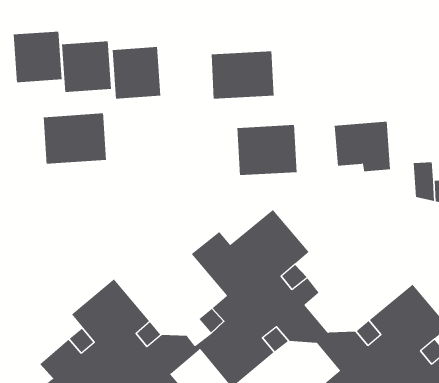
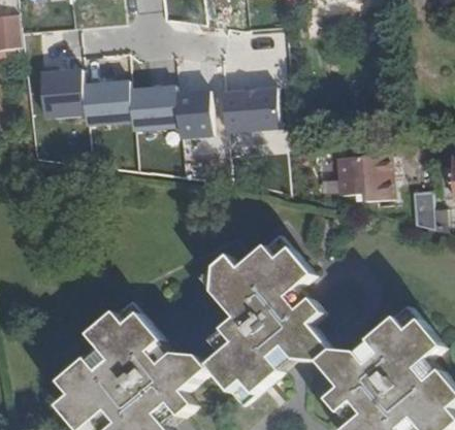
building: none -> [173,89,221,138]
building: [43,113,107,165] -> none
building: [237,124,297,176] -> none

